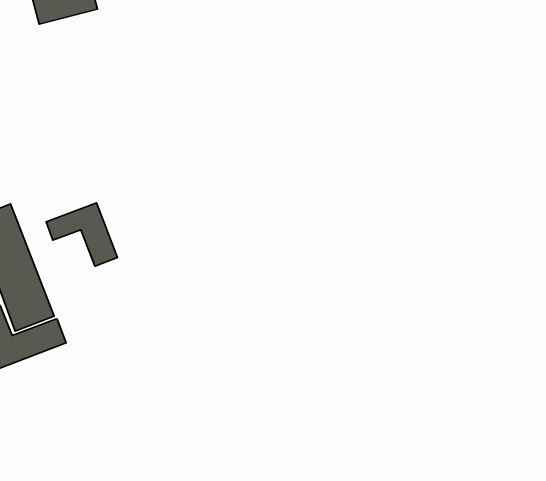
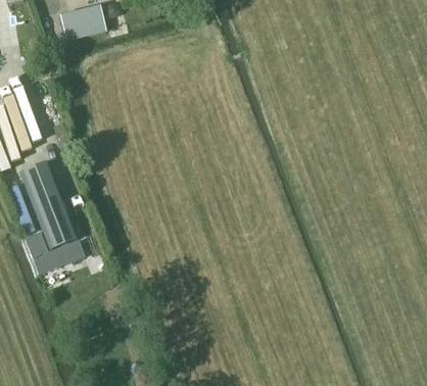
building: [46,203,118,266] -> none

